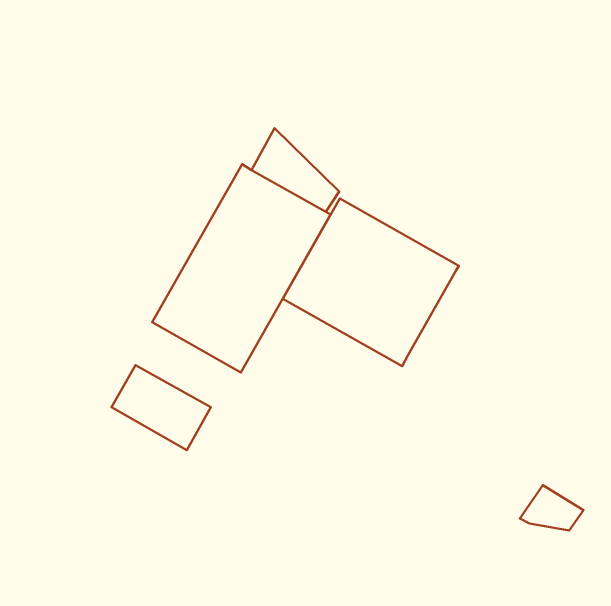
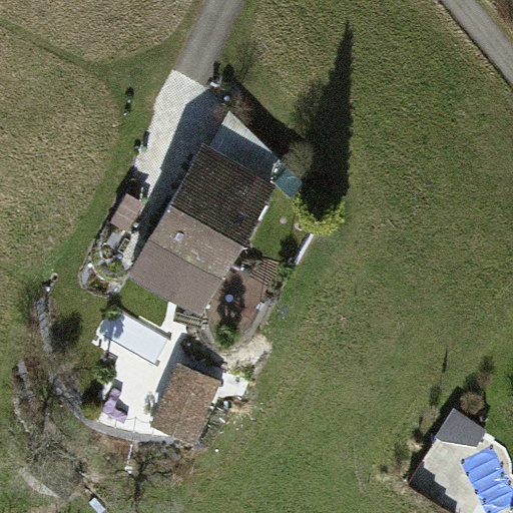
building: [283,198,459,366] -> none
building: none -> [151,365,221,447]

